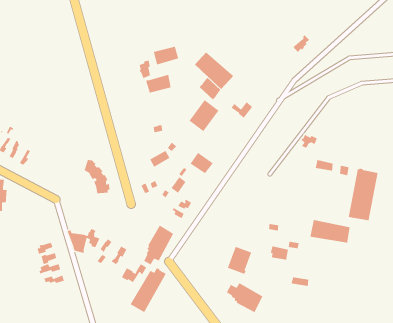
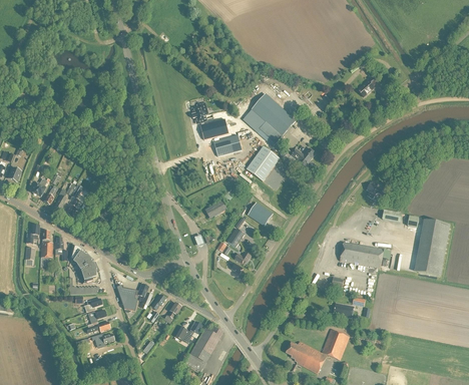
building: [153,46,179,66] -> [213,135,242,156]
building: [83,159,110,194] -> [69,246,98,284]
building: [309,219,351,244] -> [339,242,383,268]
building: [143,224,174,265] -> none
building: [227,246,252,275] -> [321,329,348,360]

